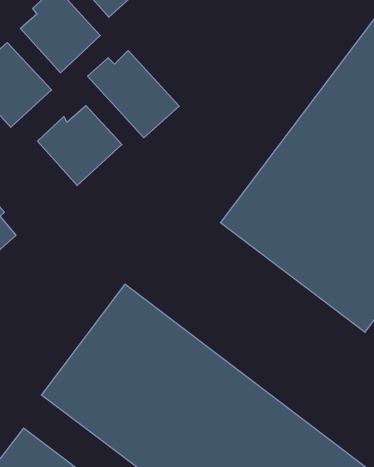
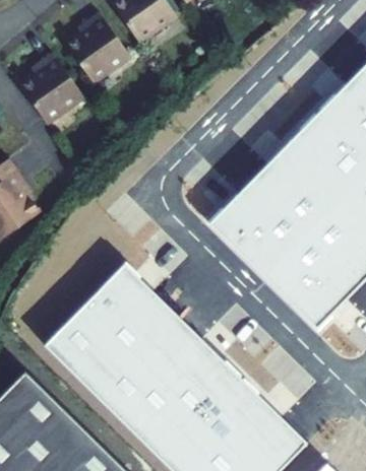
building: [88,51,179,138] -> none
building: [38,106,122,186] -> none

